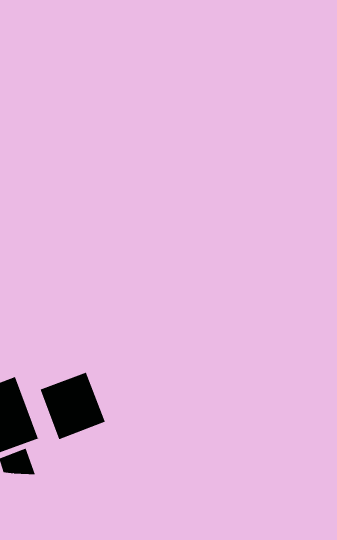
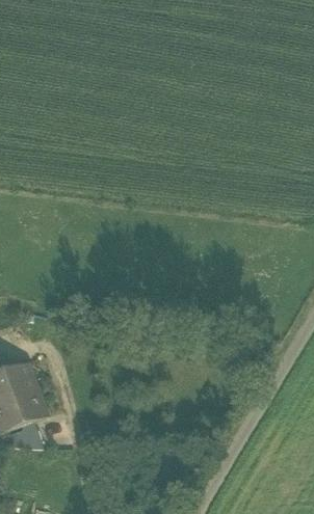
building: [40,372,106,441] -> none

